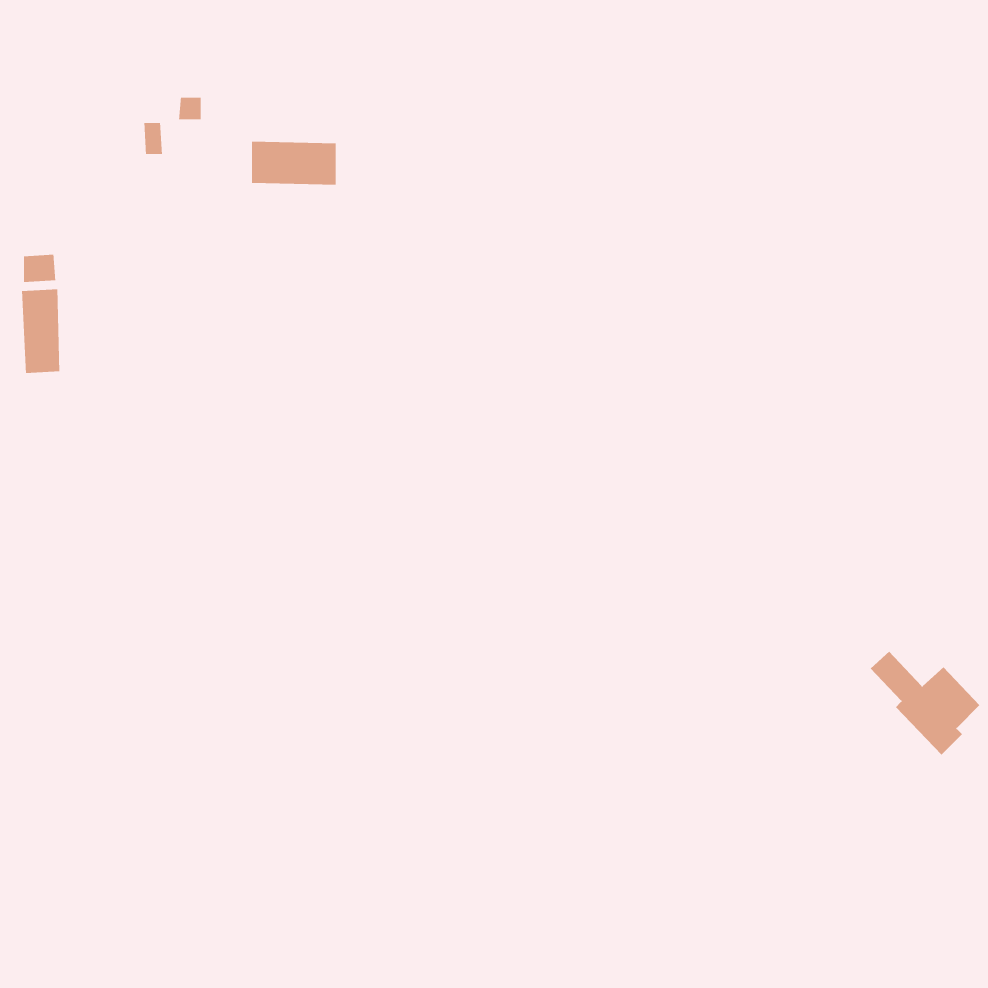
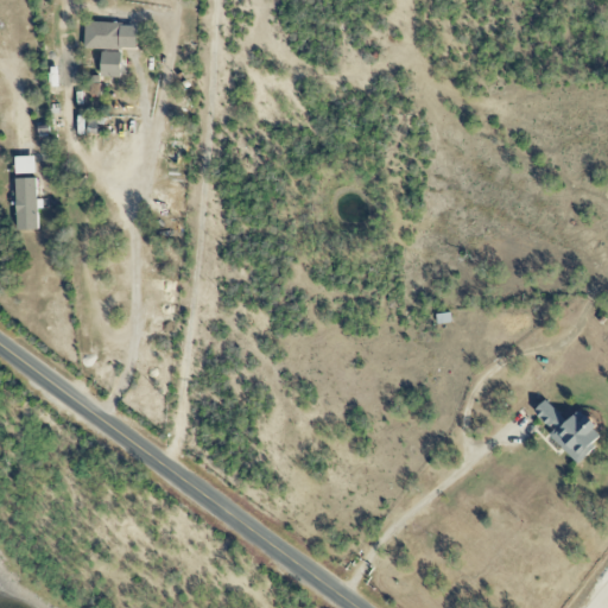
building: [251,141,336,186] -> [83,21,135,49]

